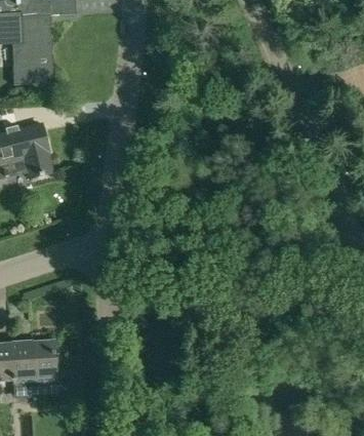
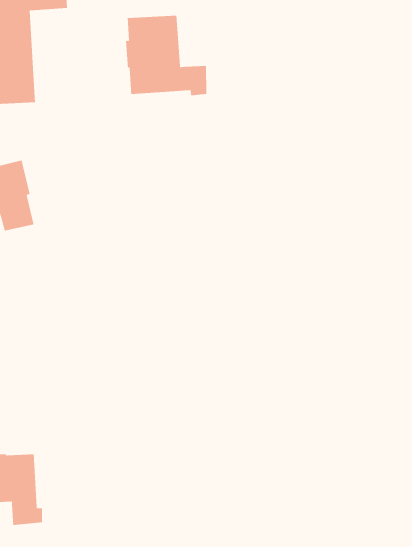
building: none -> [125,15,207,96]

